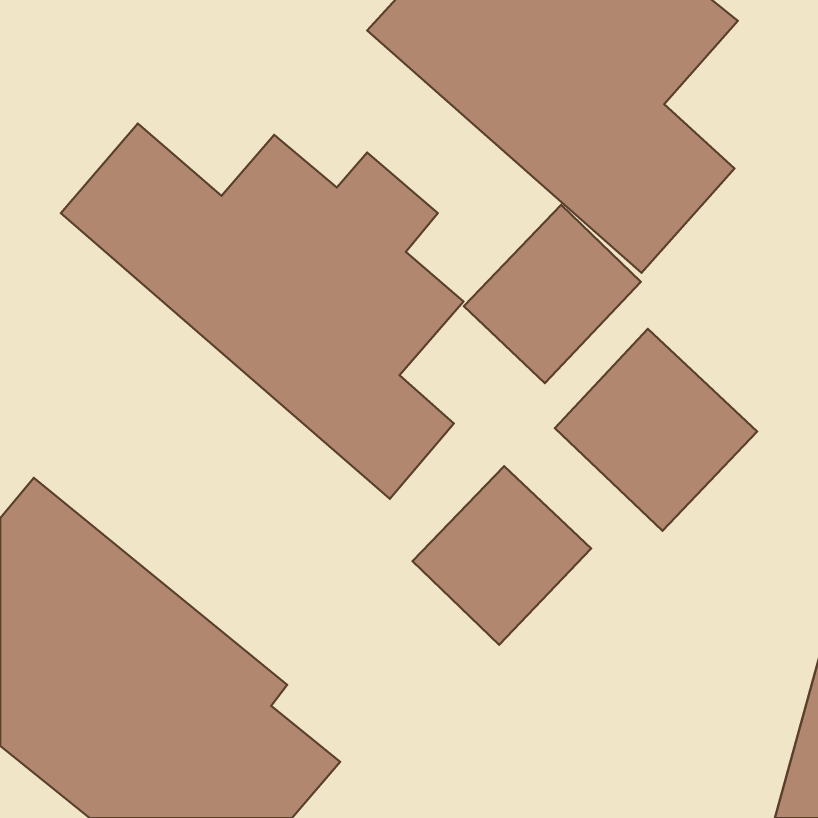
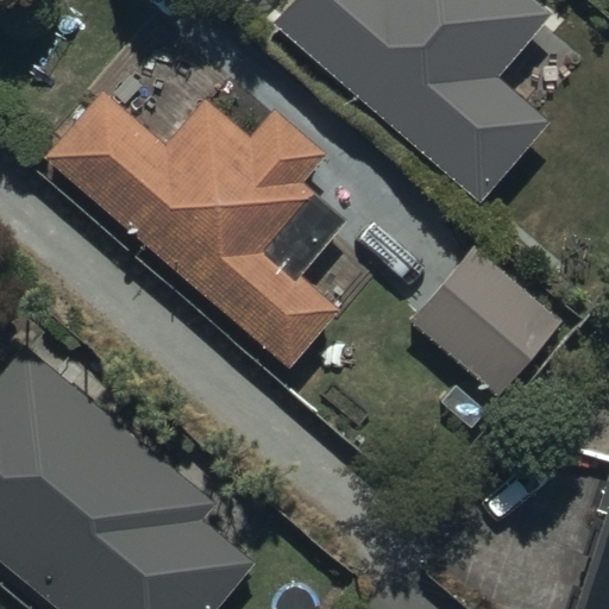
building: [464,205,641,383] -> none
building: [413,466,591,645] -> none

